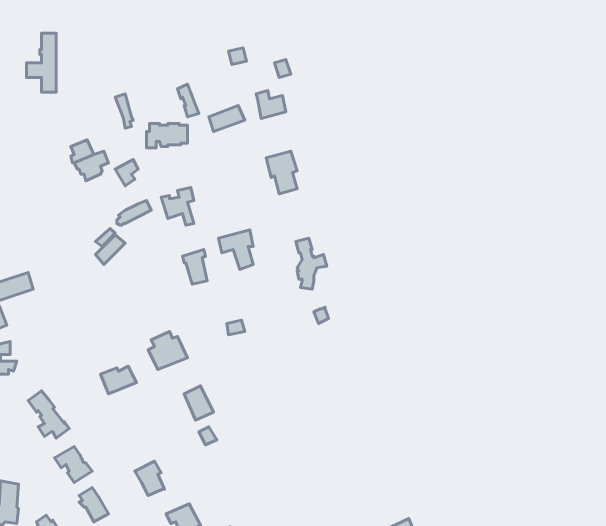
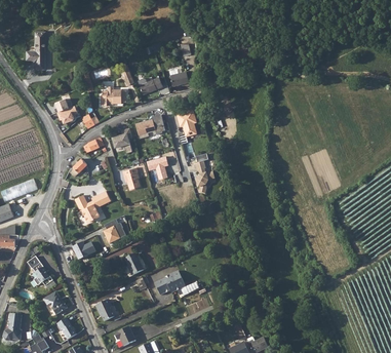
building: none -> [134,114,164,138]
building: none -> [75,191,111,222]
building: none -> [153,270,184,295]

